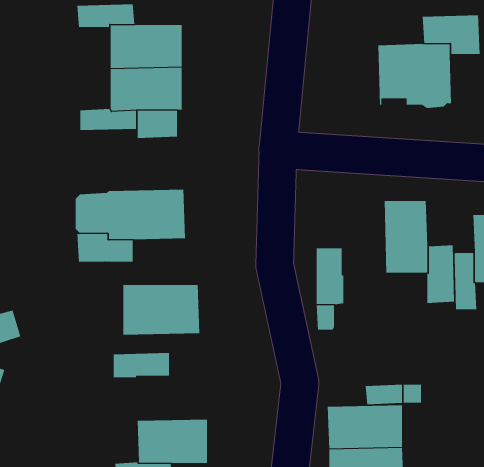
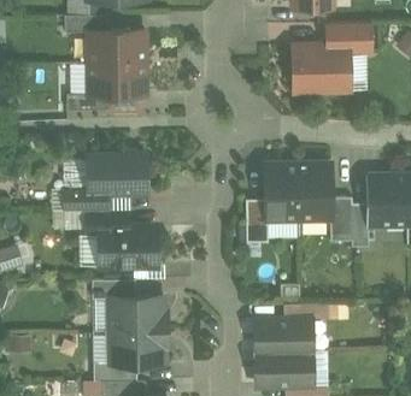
building: none -> [265,162,299,219]
building: none -> [86,208,129,235]
building: none -> [110,296,164,330]

